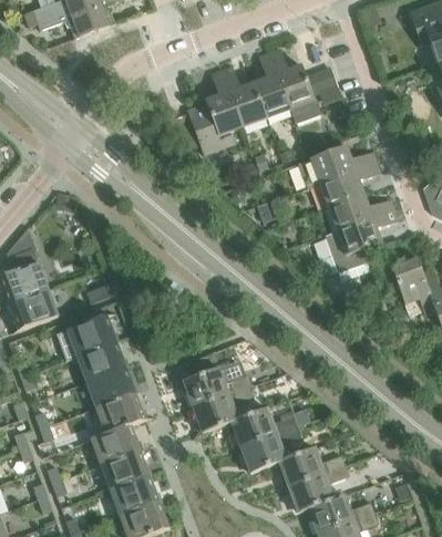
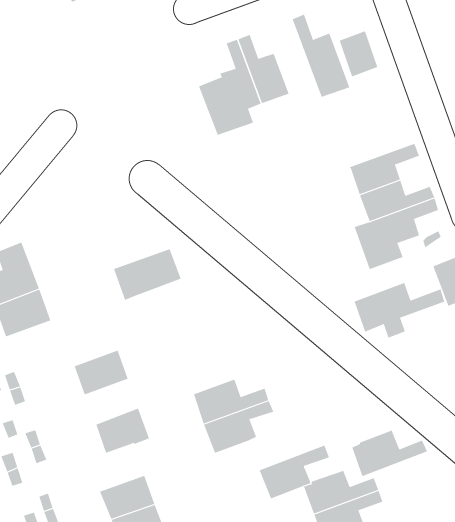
building: [254,52,290,117] -> none
building: [298,145,377,187] -> none
building: none -> [354,282,446,338]
building: [58,314,117,360] -> [113,249,182,300]
building: [88,366,135,406] -> none
building: [232,405,298,446] -> [352,430,428,477]
building: [91,423,141,465] -> none

